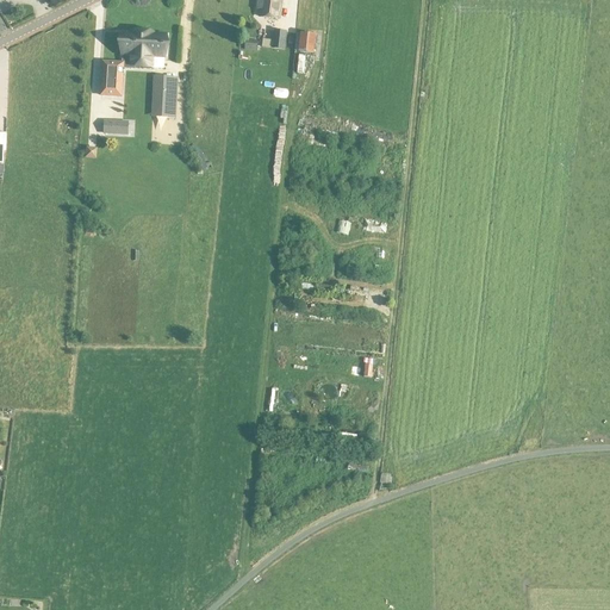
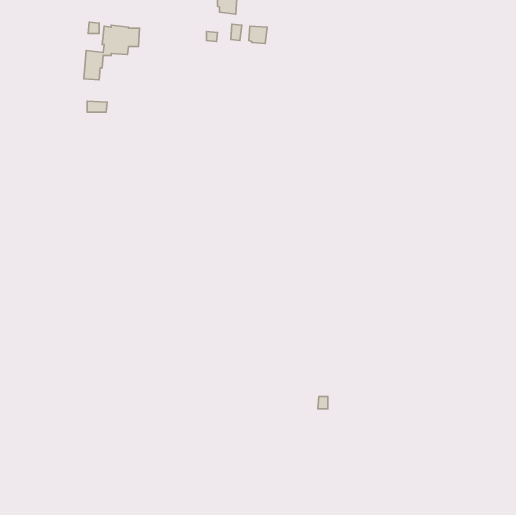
building: [151,75,175,107] -> none

